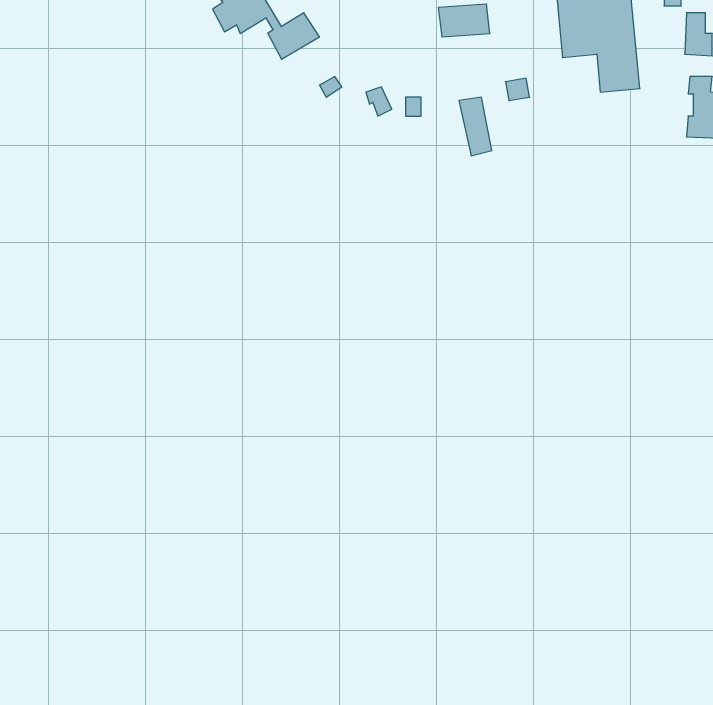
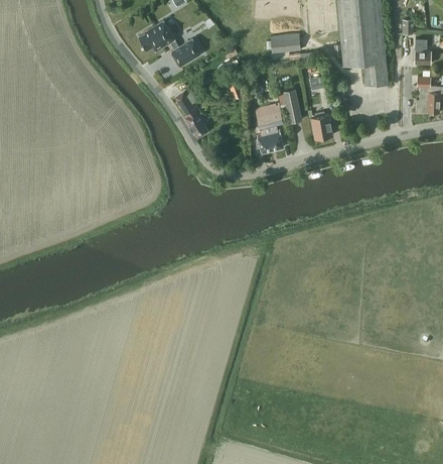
building: none -> [174,91,207,138]
building: none -> [254,104,284,153]
building: none -> [309,112,332,139]

